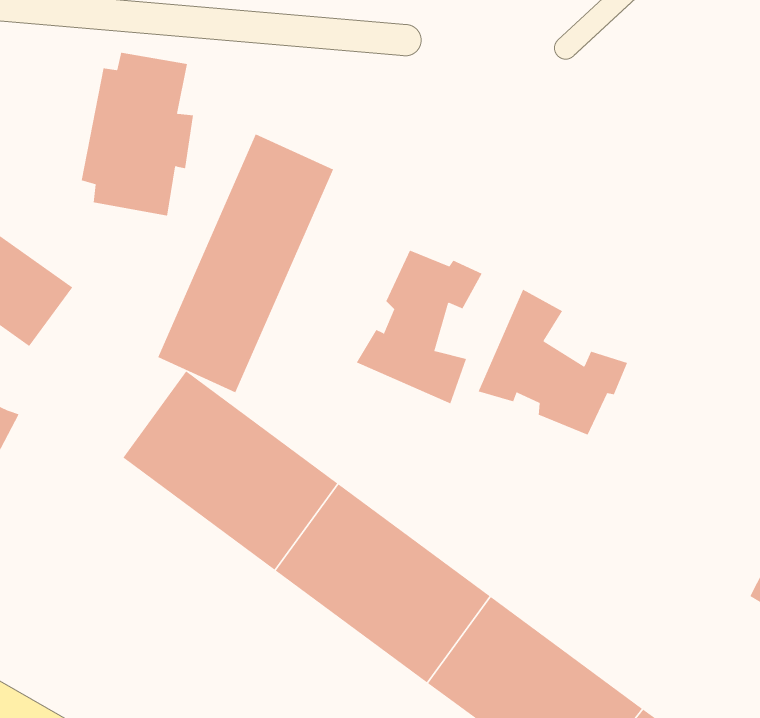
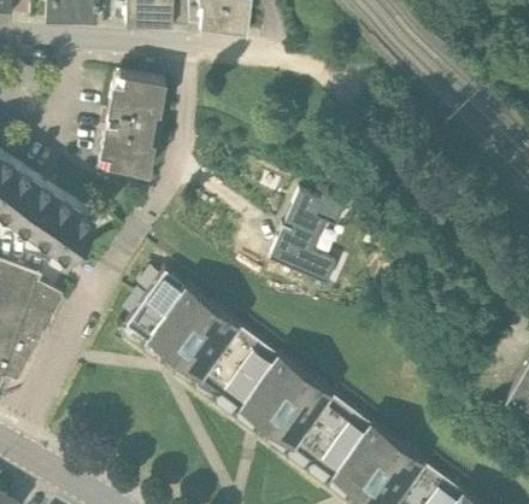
building: [157,134,334,393] -> none
building: [478,289,628,436] -> none

